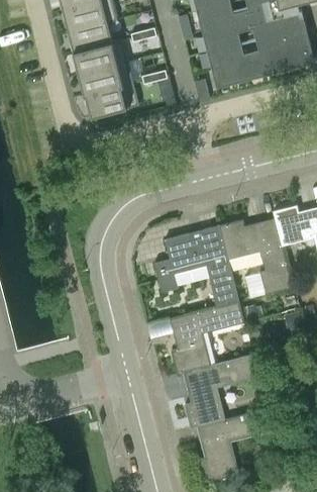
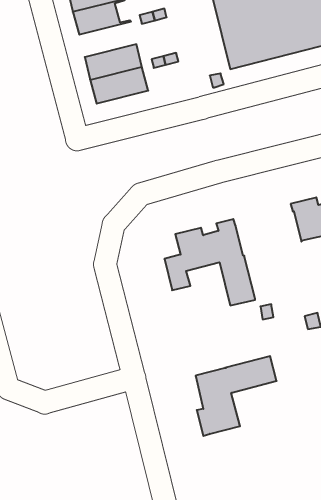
building: [75,41,128,75] -> none
building: [219,219,294,294] -> none
building: [170,301,245,376] -> none
building: [197,409,273,484] -> none

